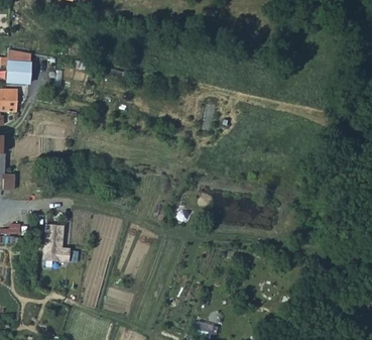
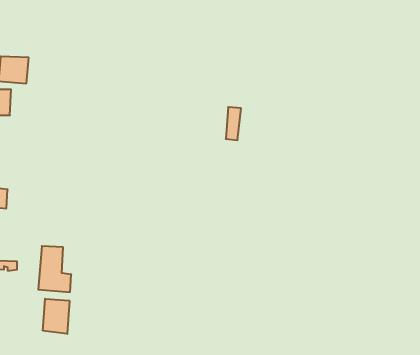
building: none -> [43,299,69,334]

